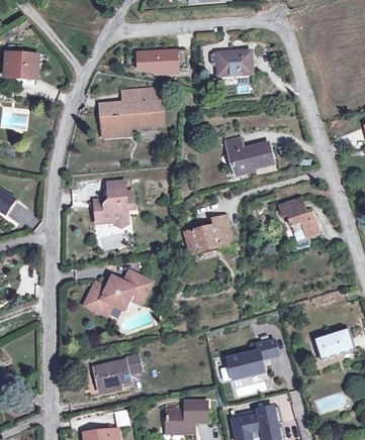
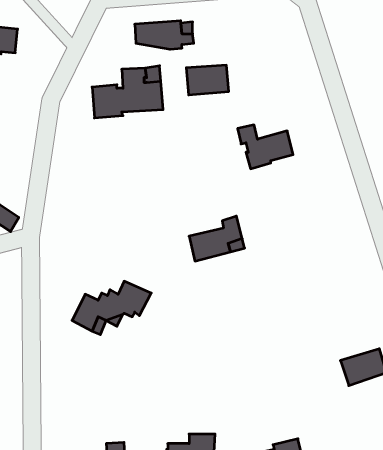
building: [215,49,252,75] -> [186,65,229,95]
building: [94,181,132,227] -> none
building: [278,199,316,236] -> none
building: [226,339,276,378] -> none
building: [93,354,141,388] -> none

